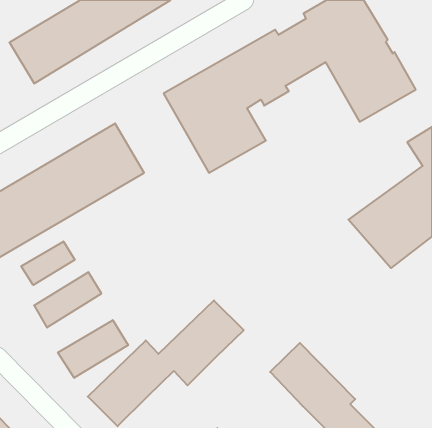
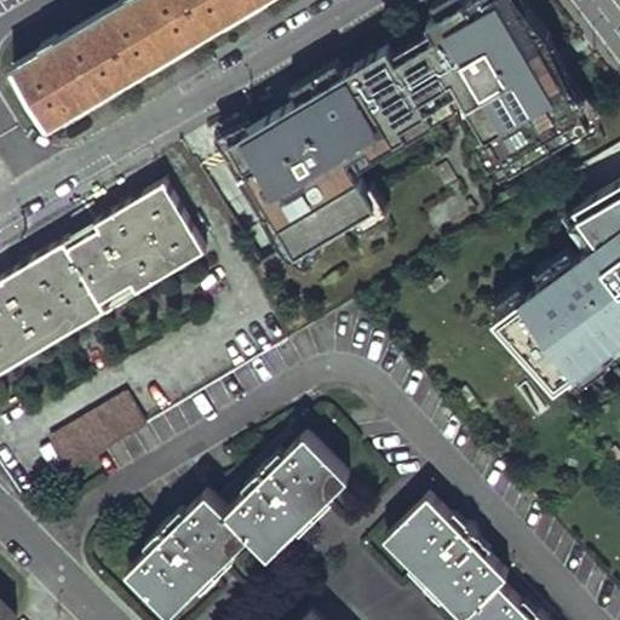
building: [21,241,75,285] -> none
building: [58,320,128,378] -> none

